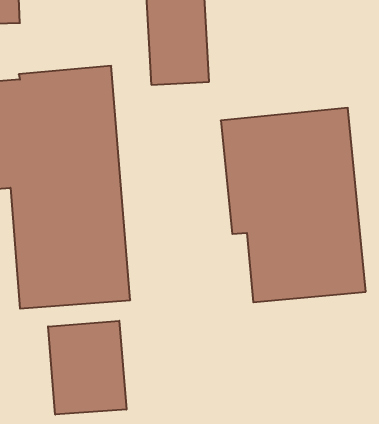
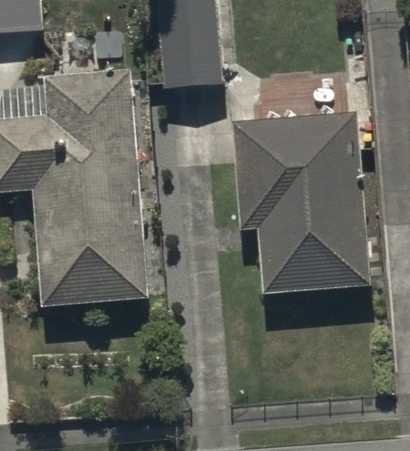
building: [48,321,126,415] -> none

